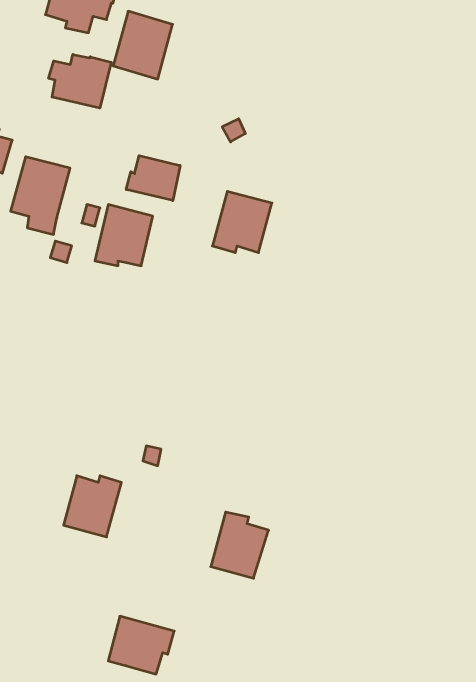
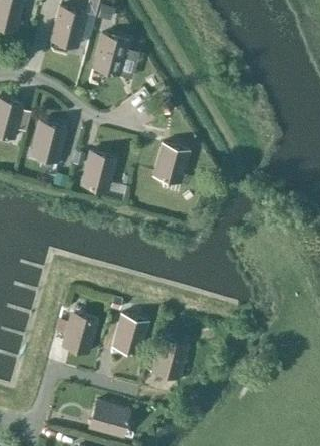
building: [49,54,111,108] -> none
building: [126,156,180,201] -> none
building: none -> [113,314,148,355]

